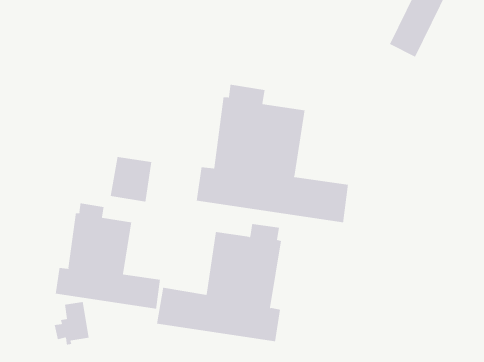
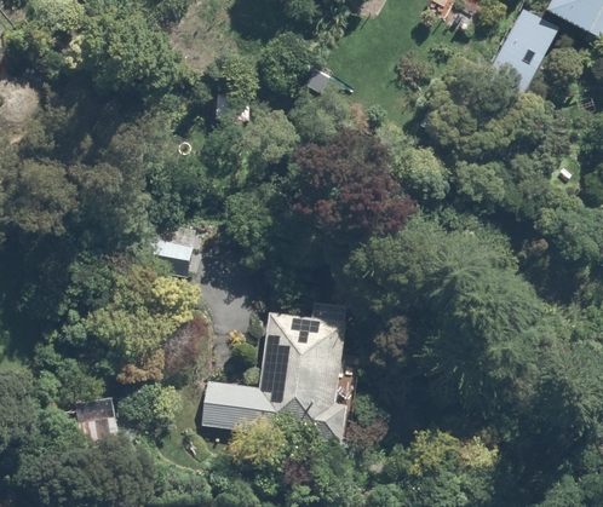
building: [196,84,349,223] -> none
building: [55,203,161,309] -> none

